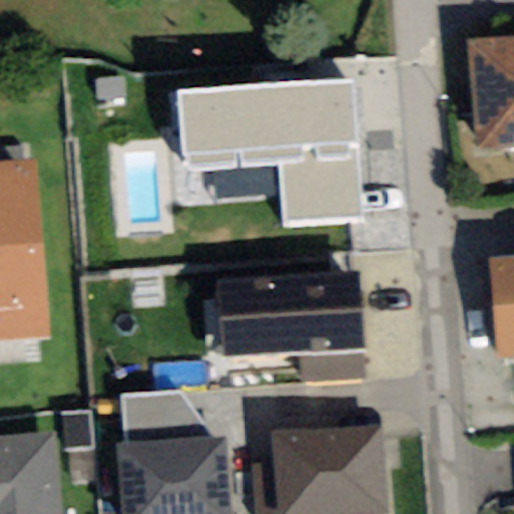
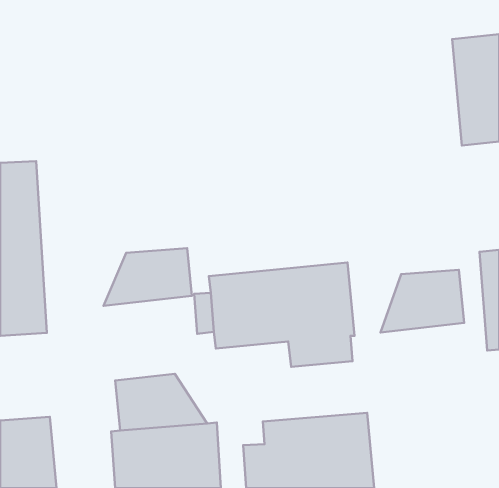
building: [185,88,371,227] -> none
building: none -> [103,248,192,306]
building: none -> [380,270,464,332]

